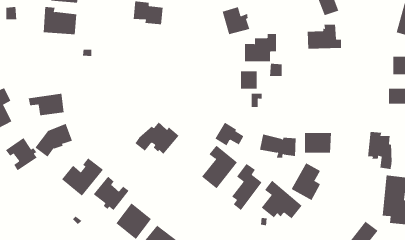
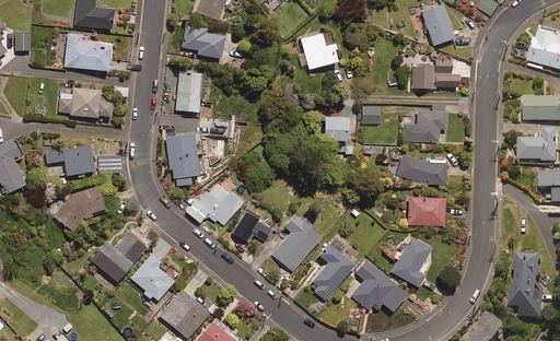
building: [244,34,277,62] -> [404,105,446,142]
building: none -> [176,71,205,111]
building: none -> [58,87,110,117]
building: none -> [165,133,202,186]
building: [214,122,244,146] -> [232,211,271,243]
building: [367,131,392,170] -> none
building: [259,134,297,158] -> [397,155,446,187]
building: [5,137,37,171] -> none

